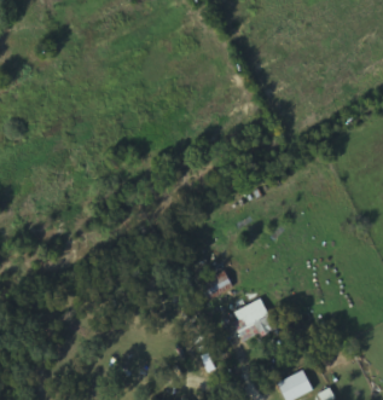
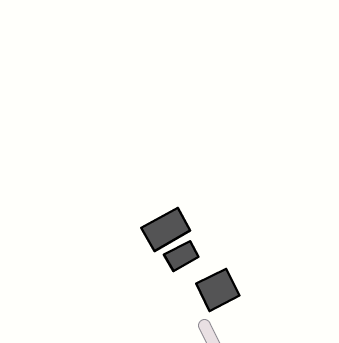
building: none -> [141,208,190,251]

